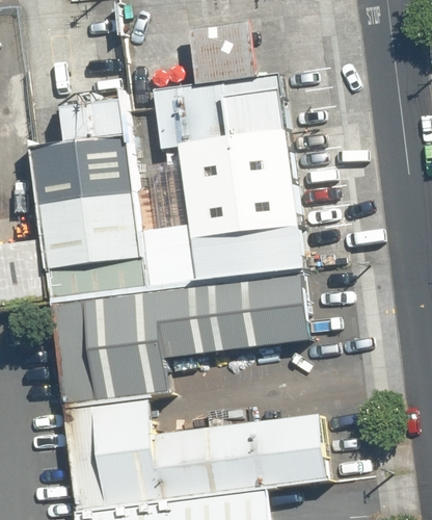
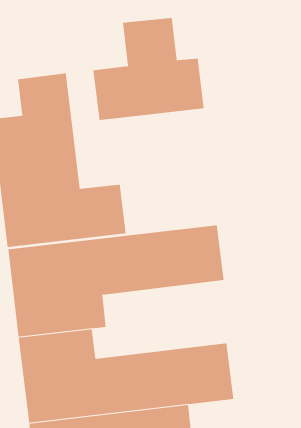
building: [178,135,301,282] -> none

